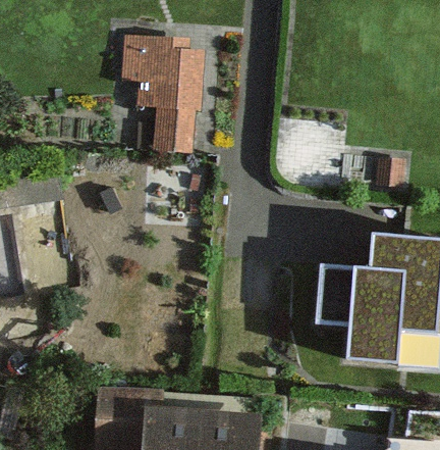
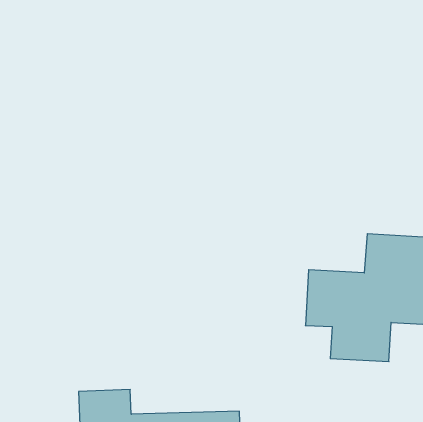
building: [132,42,198,146] -> none

